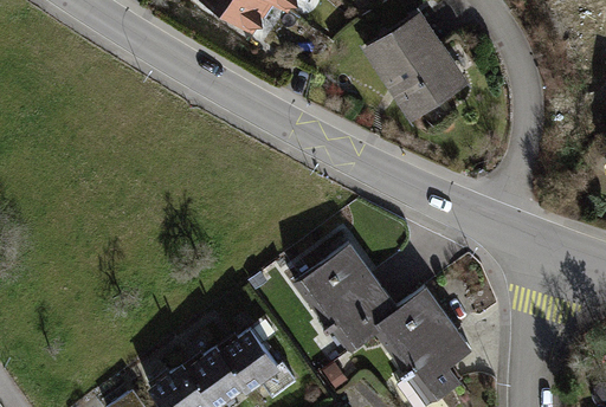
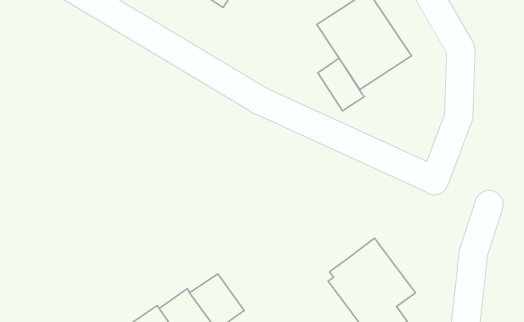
building: none -> [318,58,364,111]
building: [295,246,397,357] -> none

